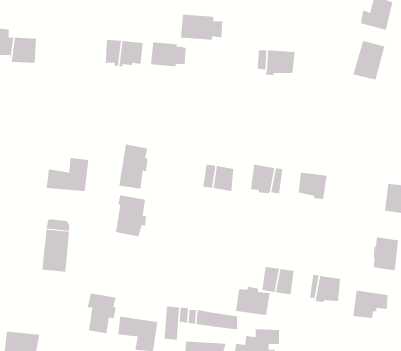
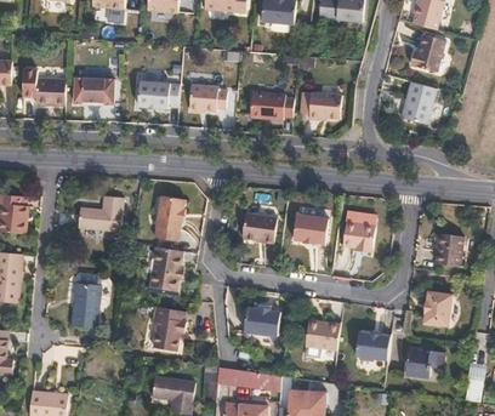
building: [180,14,223,40] -> [249,91,295,119]
building: none -> [73,78,116,106]
building: [235,286,270,316] -> [243,306,280,337]
building: [87,293,116,334] -> [152,307,183,351]

